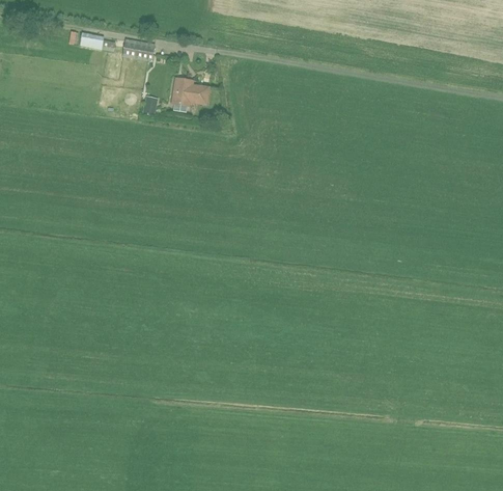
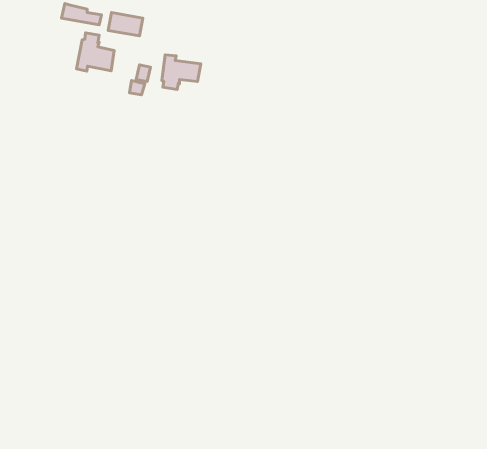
building: none -> [77,33,114,71]

